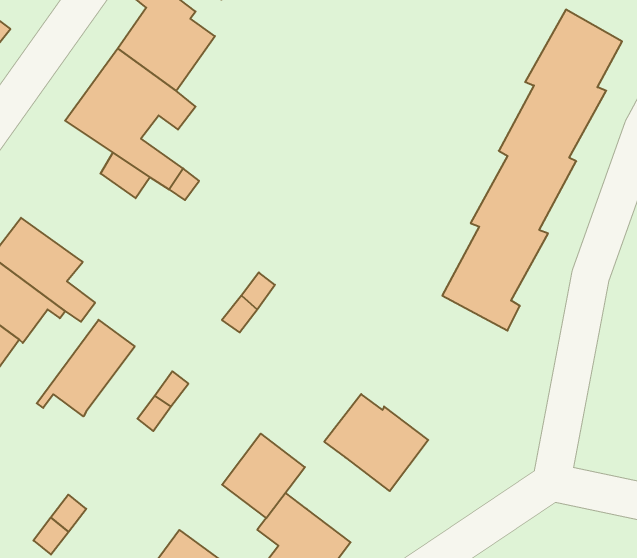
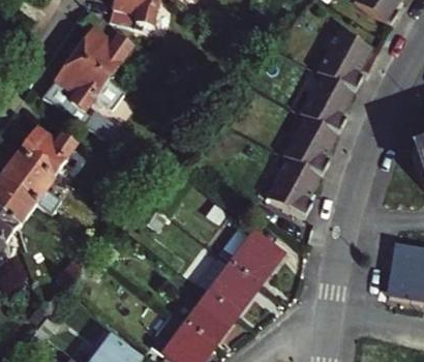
building: none -> [19,126,75,176]
building: [37,320,135,416] -> none
building: none -> [219,227,280,282]
building: [222,434,305,518] -> [186,293,235,342]

